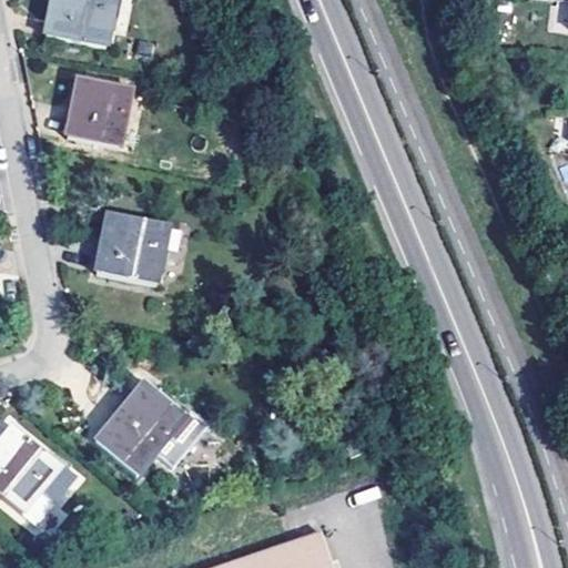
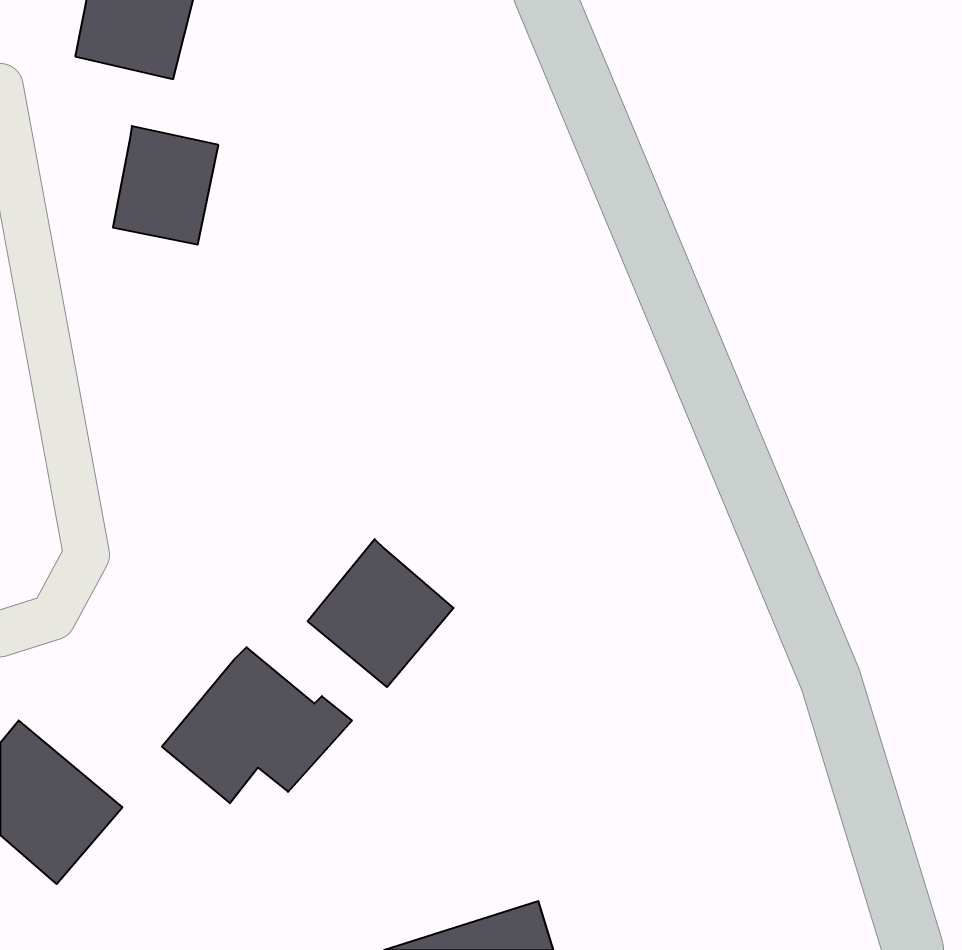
building: [94,212,169,283] -> none
building: none -> [308,539,454,687]

